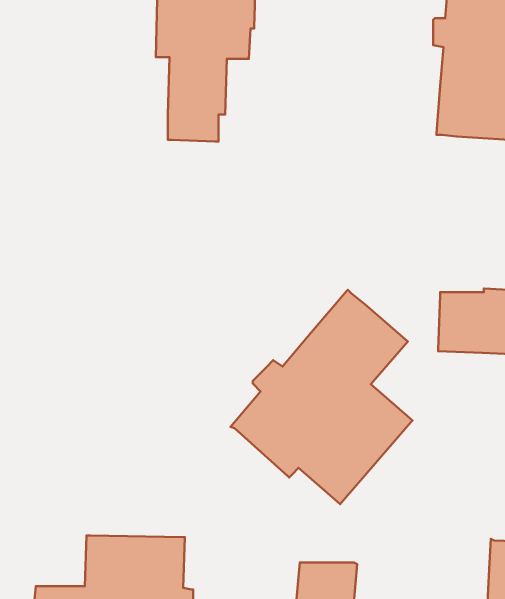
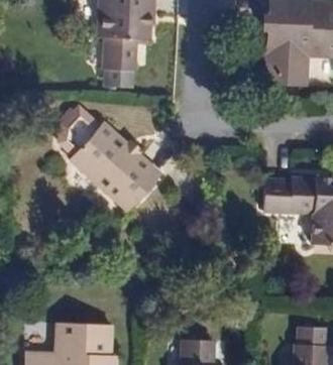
building: none -> [52,103,162,214]
building: [231,290,413,504] -> none

